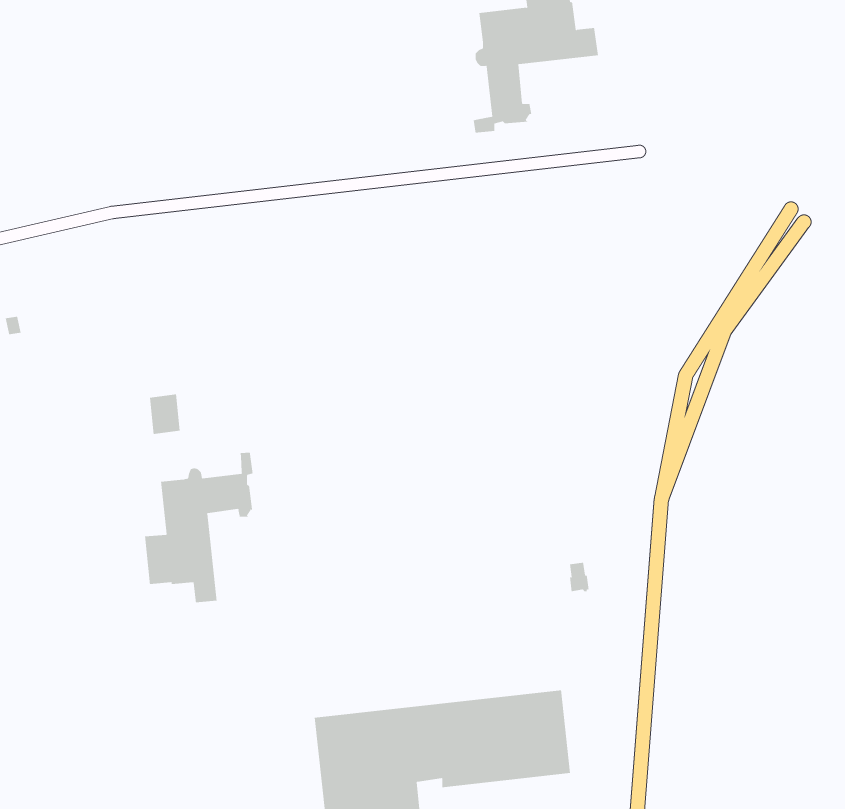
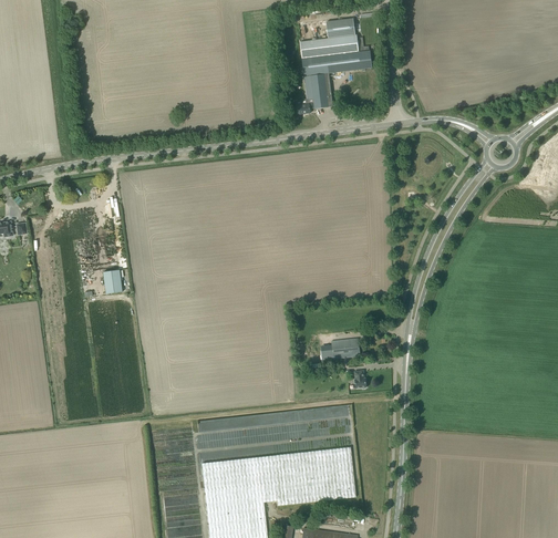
building: [144,452,253,603] -> none
building: none -> [332,338,360,358]

